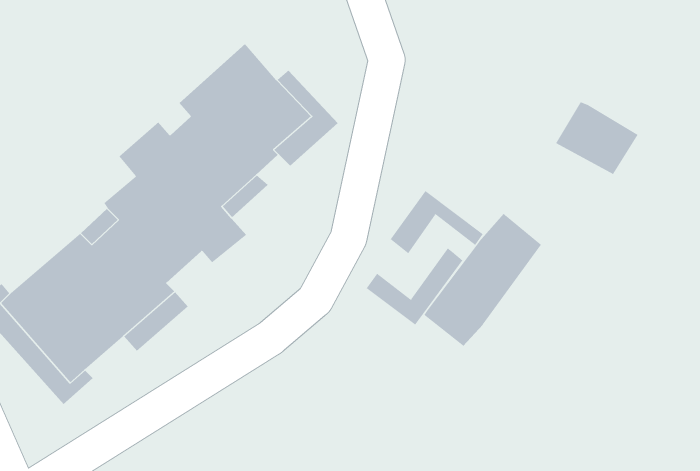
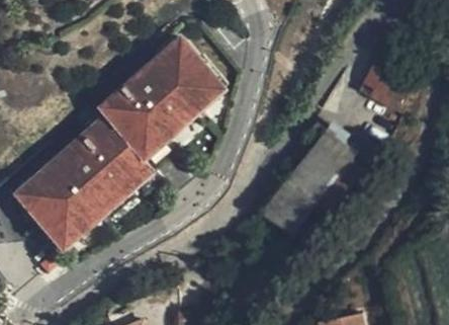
building: [390,190,483,254] -> none
building: [366,247,463,326] -> none

